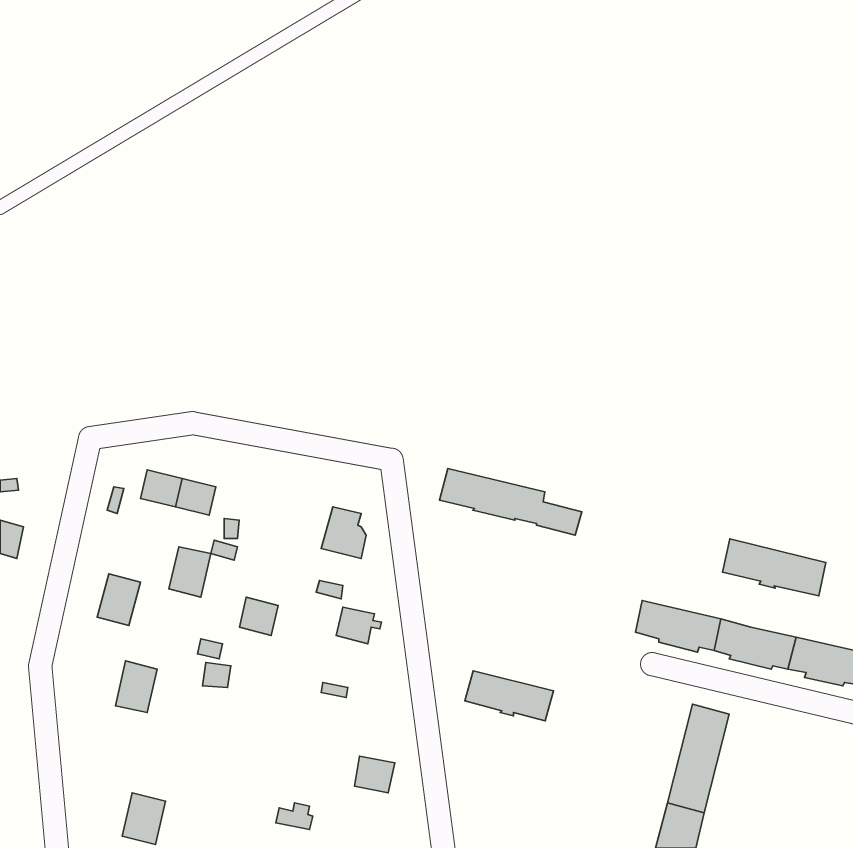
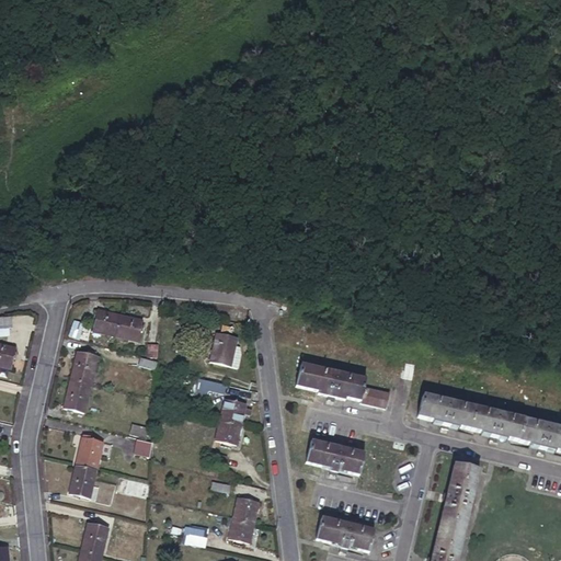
building: [440,468,582,535] -> [296,363,389,407]
building: [723,539,826,596] -> none
building: [169,547,211,597] -> [72,348,100,381]
building: [240,597,278,636] -> [217,416,242,442]
building: none -> [70,462,98,496]
building: none -> [228,515,255,540]
building: none -> [317,516,374,549]

